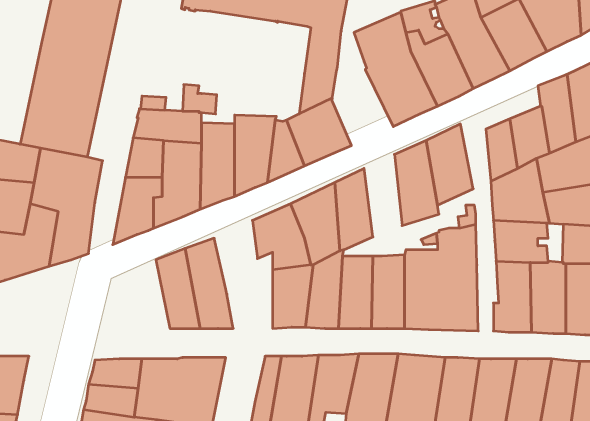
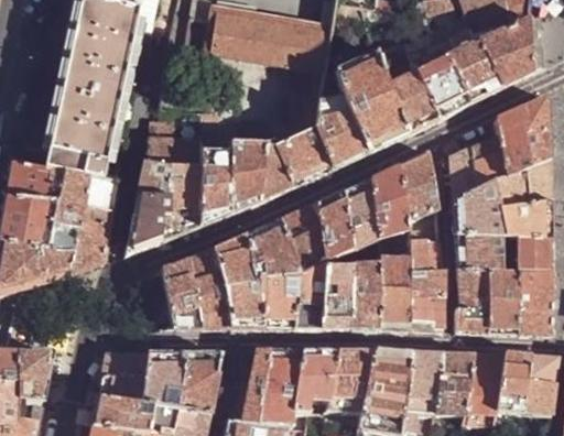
building: none -> [314,96,368,168]
building: none -> [343,176,376,250]
building: none -> [213,233,263,327]

